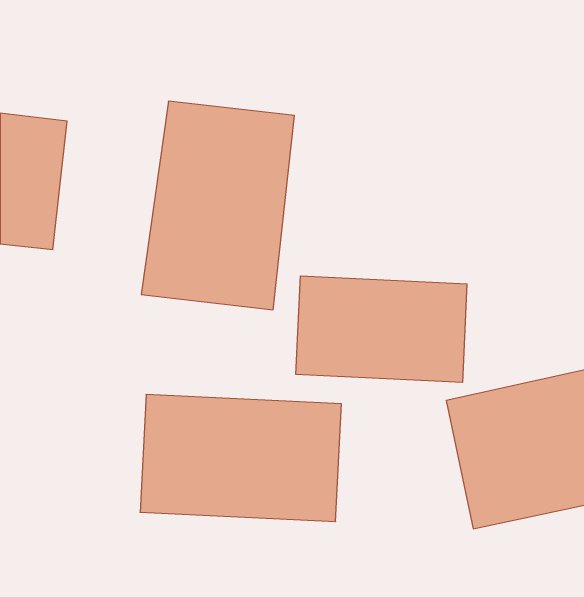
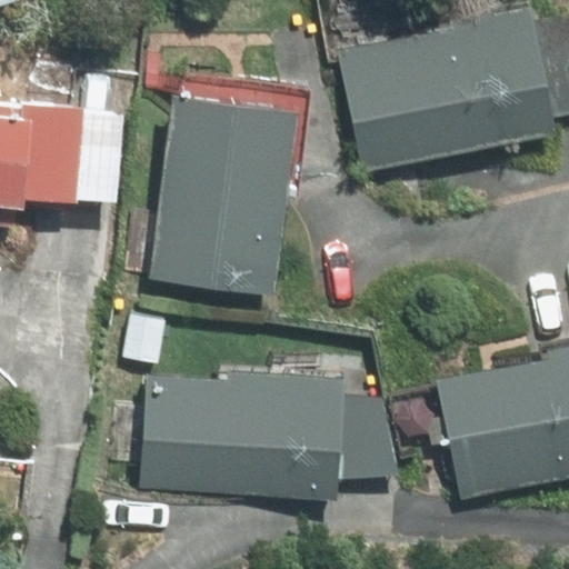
building: none -> [338,9,552,170]
building: [296,276,467,382] -> none

